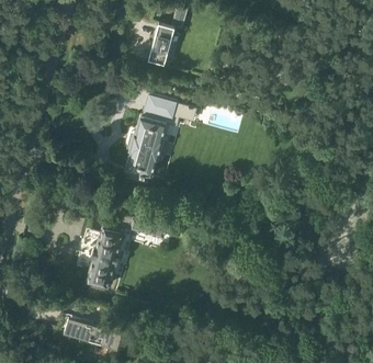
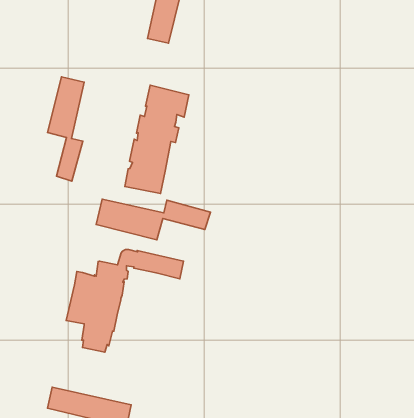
building: none -> [48,77,84,181]
building: none -> [96,199,210,240]

